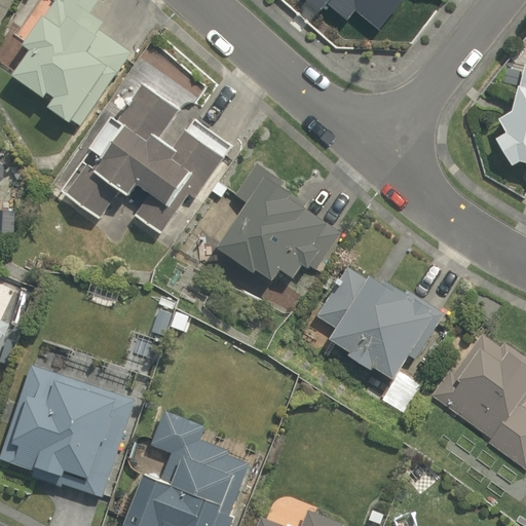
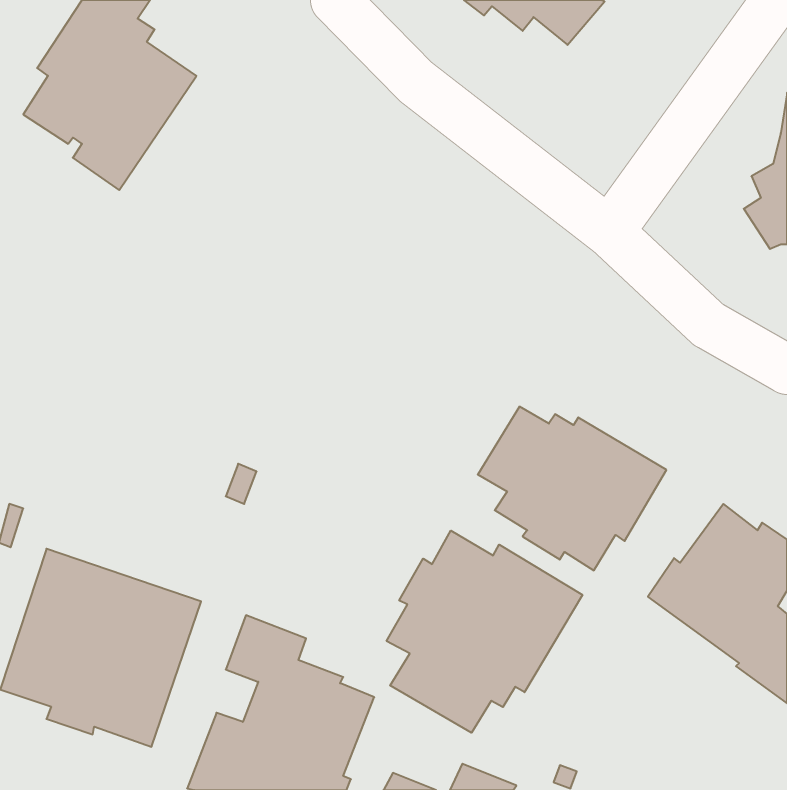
building: [66,85,230,233] -> none
building: [216,162,341,281] -> none
building: none -> [387,531,582,733]

